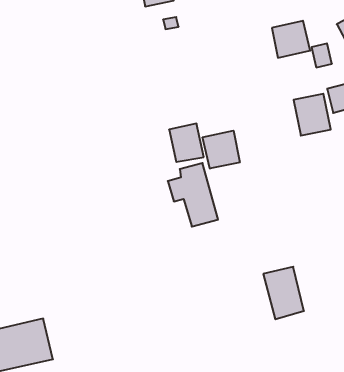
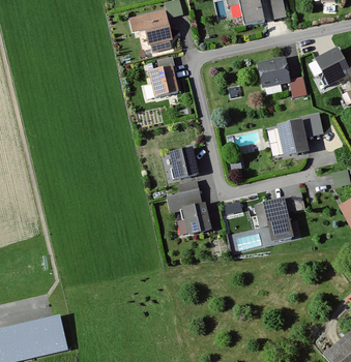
building: none -> [147,65,179,97]
building: [203,131,240,169] -> none
building: [263,267,304,319] -> [259,198,294,243]

